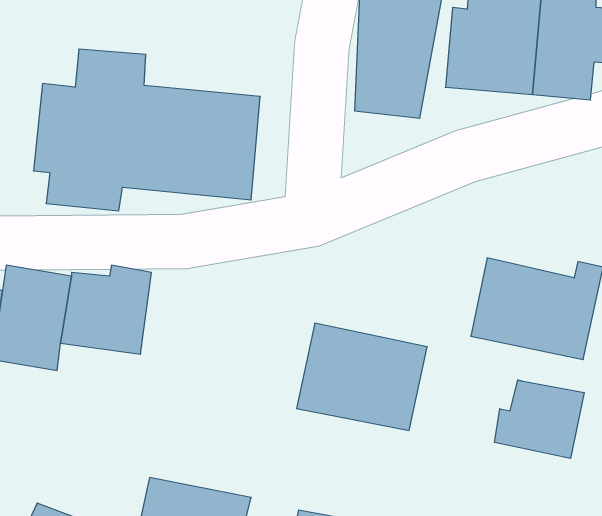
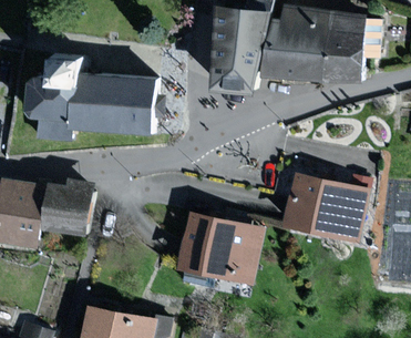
building: [494,380,584,458] -> none

